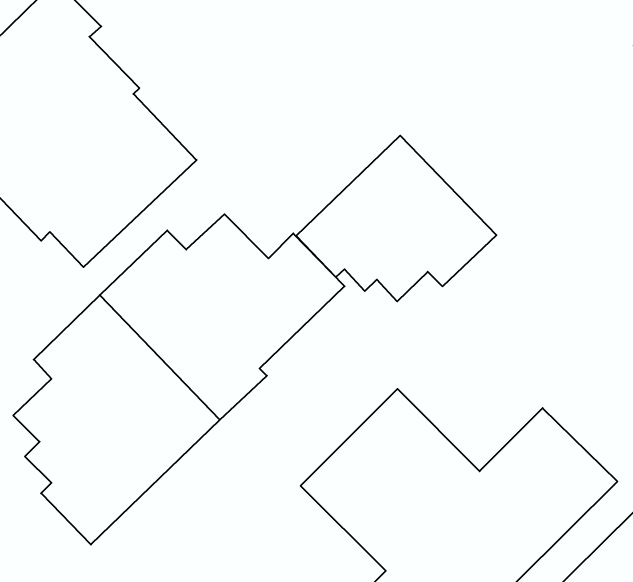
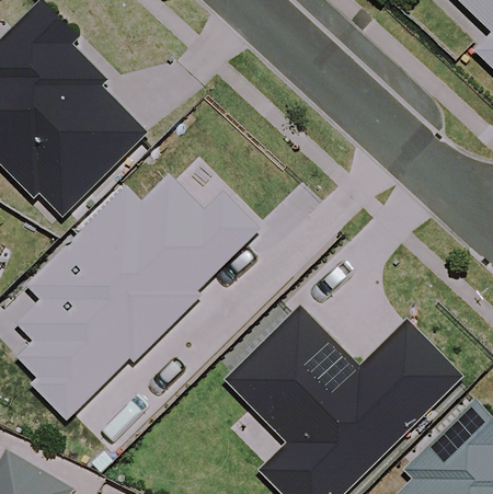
building: [296,136,496,301] -> none

